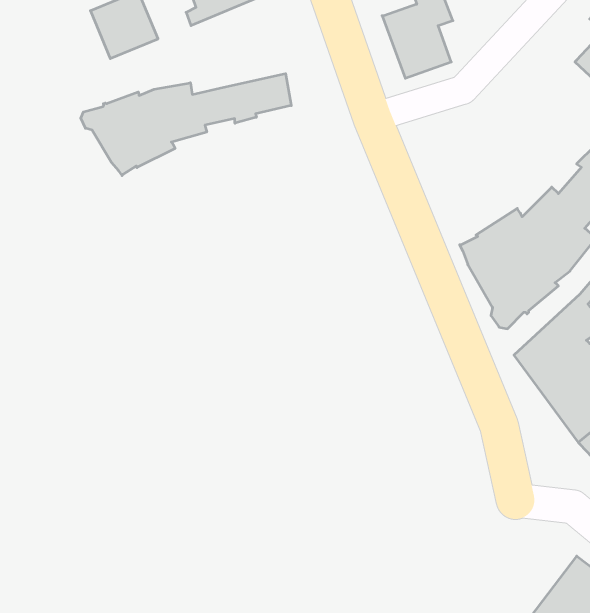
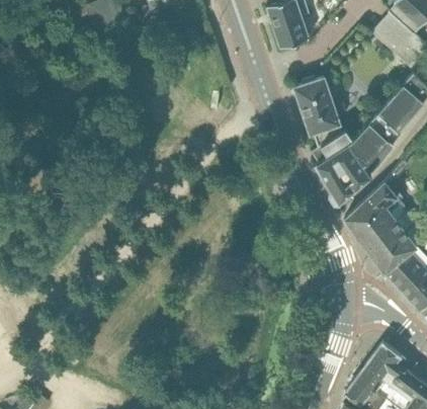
building: [81,74,291,176] -> none
building: none -> [293,75,342,145]

